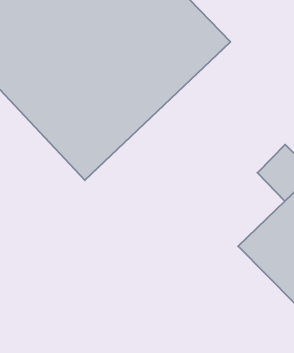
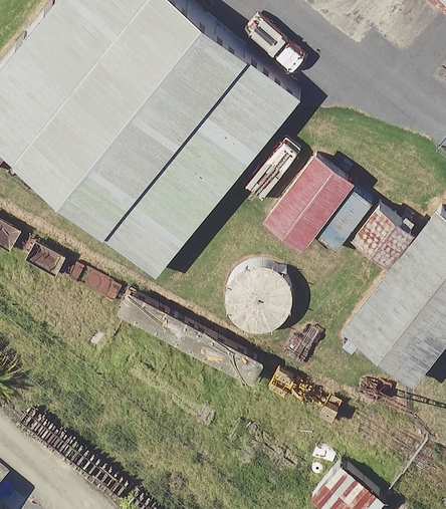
building: none -> [263,153,357,253]
building: none -> [226,269,293,337]

